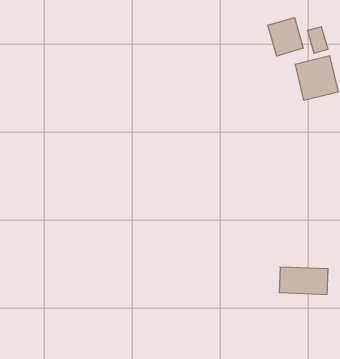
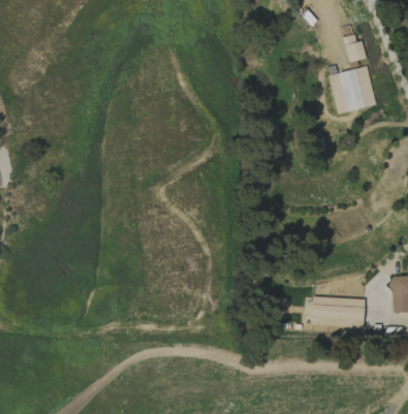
building: [268,18,303,56] -> none

